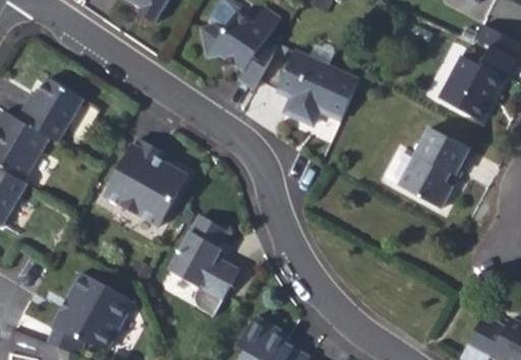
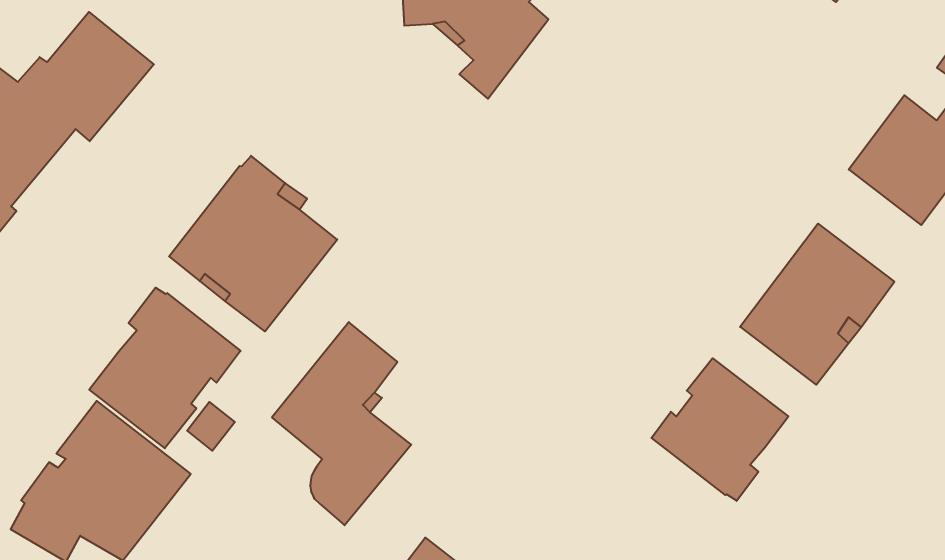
building: [277,45,358,122] -> none
building: none -> [651,358,788,501]
building: none -> [89,288,241,448]

